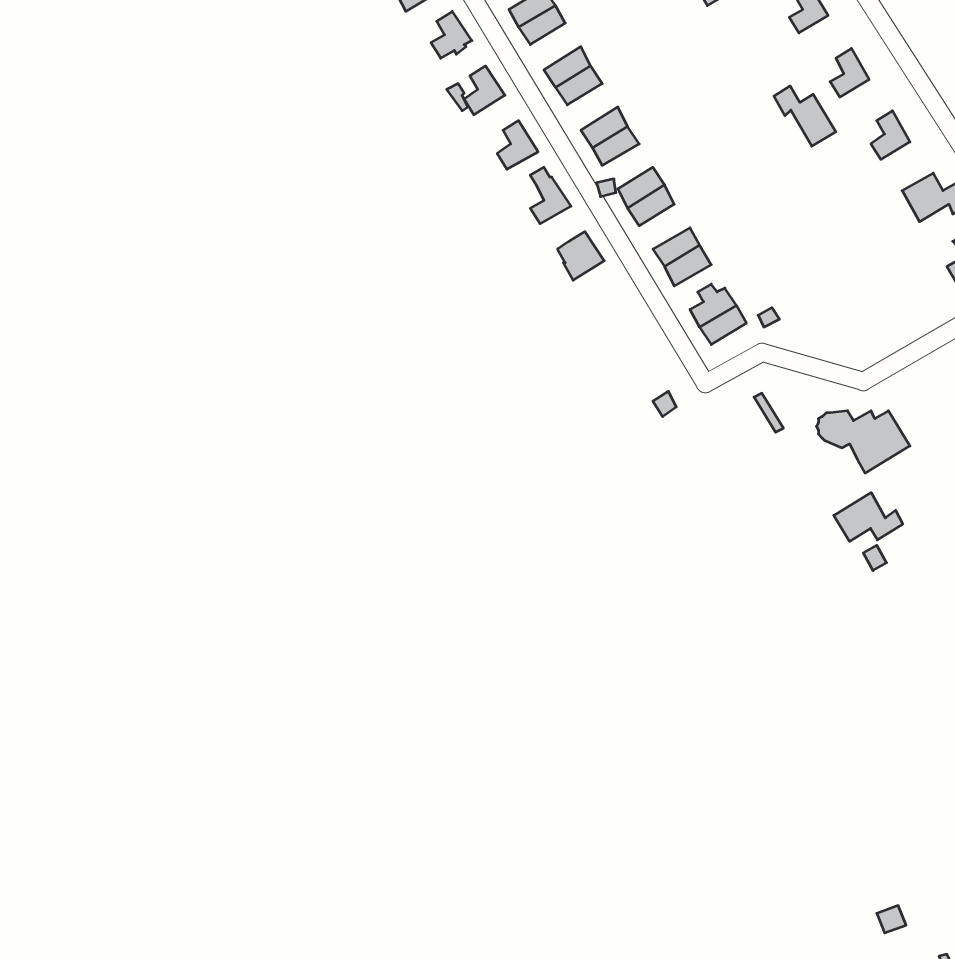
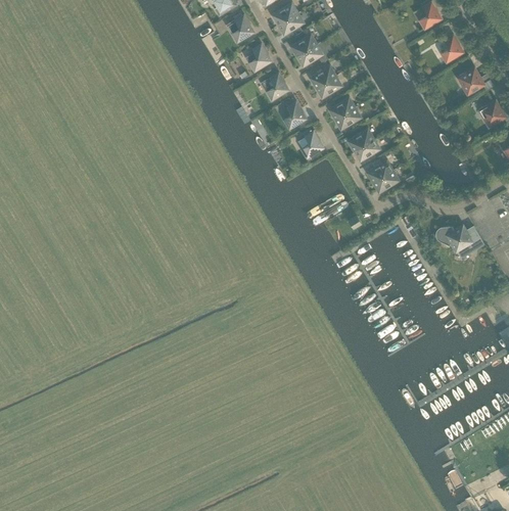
building: [774,86,836,146] -> none
building: [834,493,903,541] -> none

